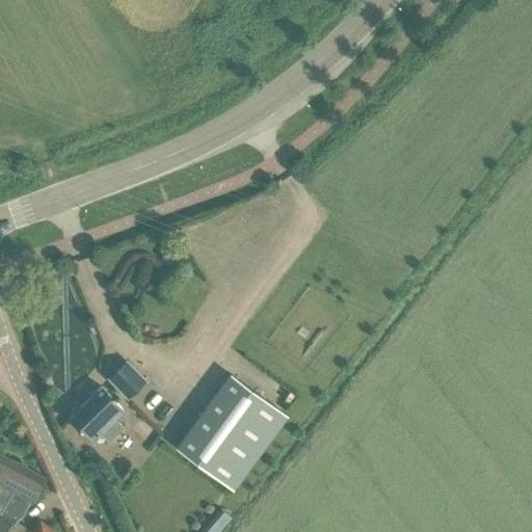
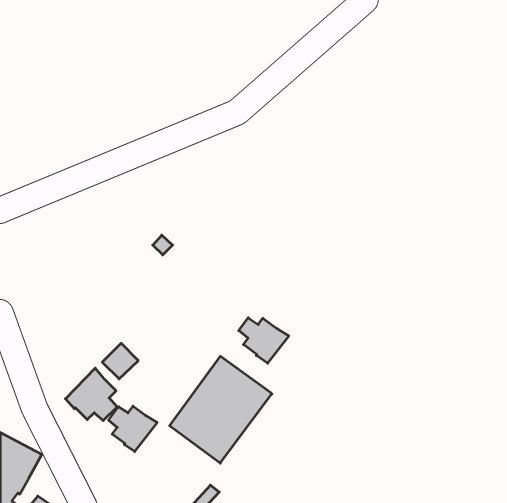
building: none -> [239,318,289,363]
building: none -> [109,406,157,452]

